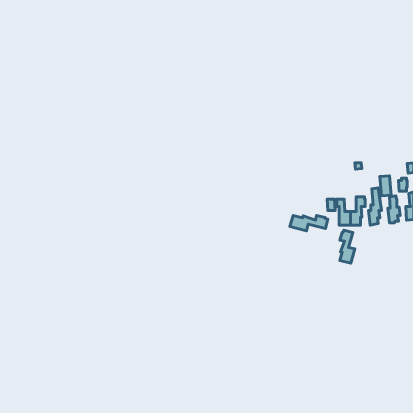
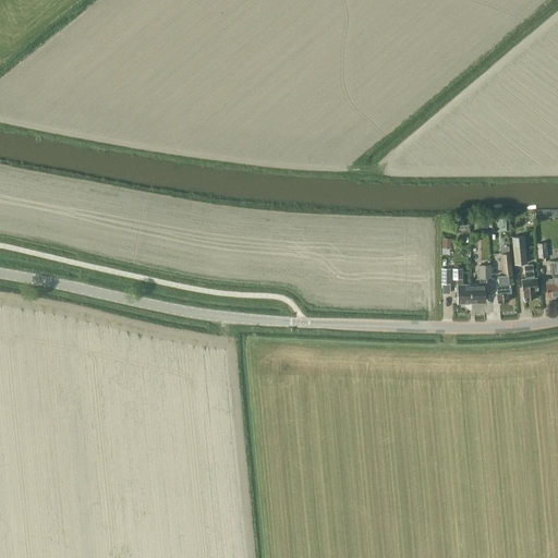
building: [290,215,328,231] -> none
building: [340,230,355,263] -> none

